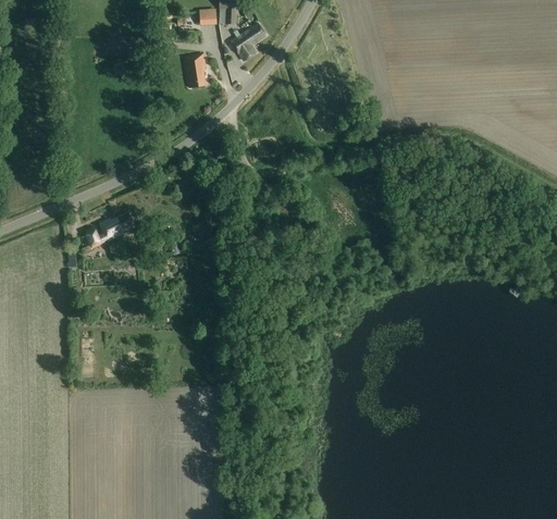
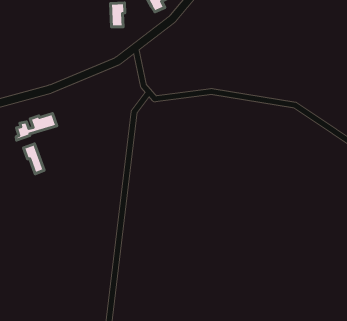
building: none -> [23,144,44,174]

